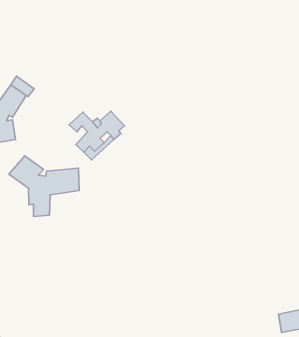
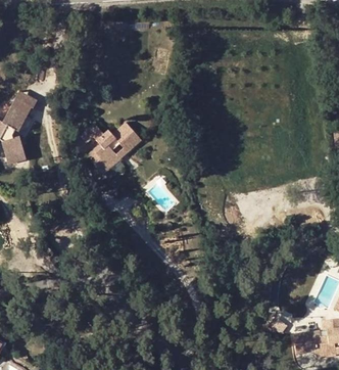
building: [9,156,79,217] -> none

